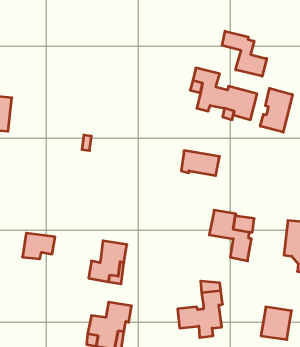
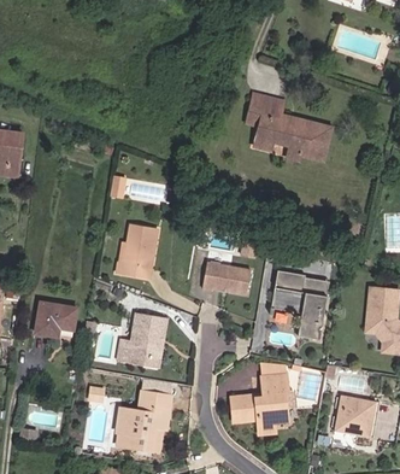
building: [222,31,267,76] -> none
building: [260,88,292,132] -> none
building: [181,151,220,176] -> [204,258,252,289]
building: none -> [116,227,154,277]

